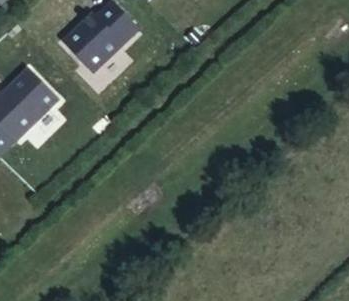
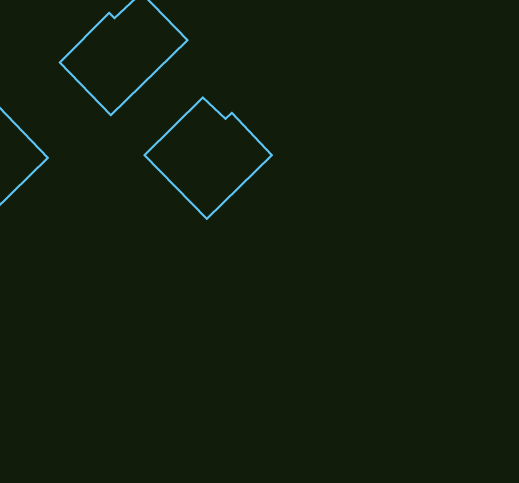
building: none -> [145,97,272,219]

